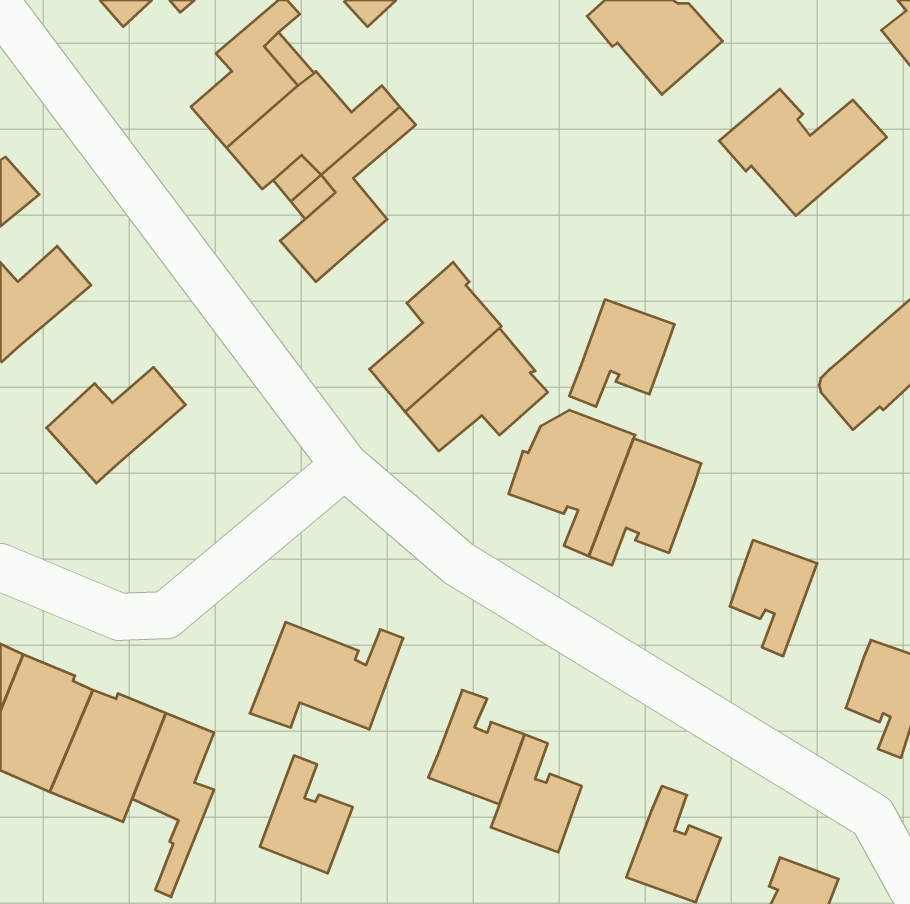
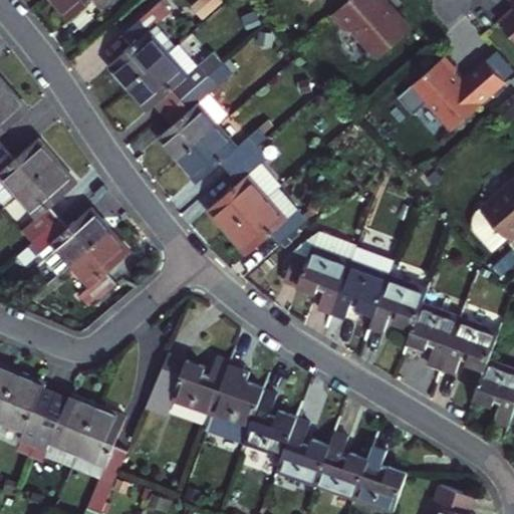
building: none -> [179,127,266,186]
building: none -> [12,165,71,245]
building: [569,300,675,407] -> [371,277,431,337]
building: none -> [66,232,123,307]
building: none -> [442,321,501,378]
building: [260,756,353,873] -> [209,363,261,430]
building: none -> [315,432,367,498]

